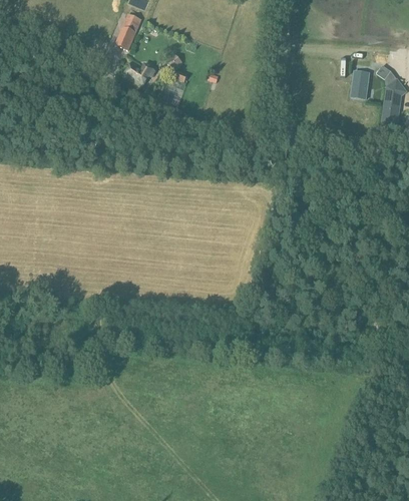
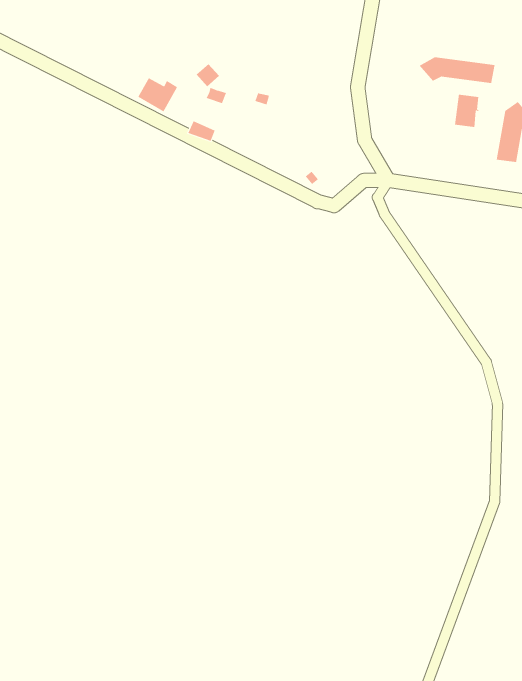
building: [110,12,141,48] -> none
building: none -> [419,56,495,84]

